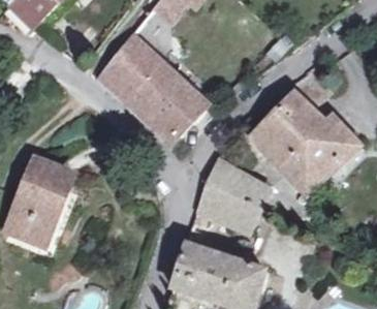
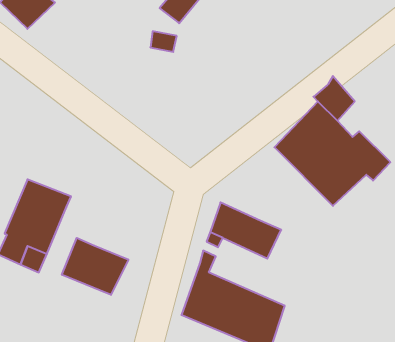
building: [97,36,207,144] -> none
building: [207,159,271,208] -> none
building: none -> [62,238,128,295]

